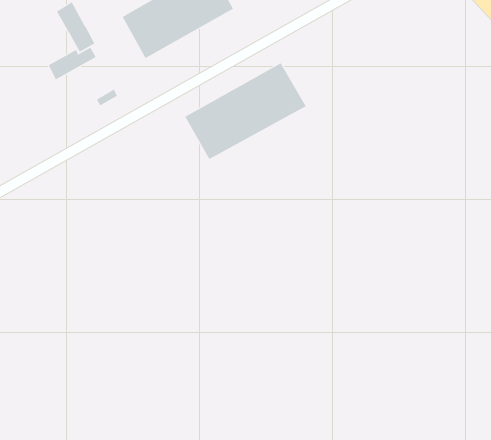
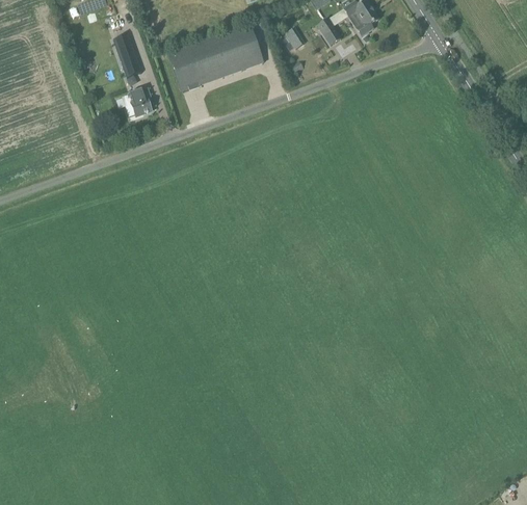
building: none -> [125,88,151,115]
building: [185,62,307,160] -> none

